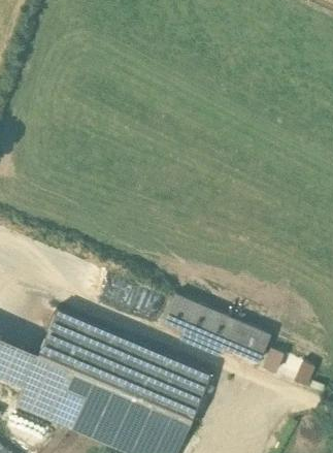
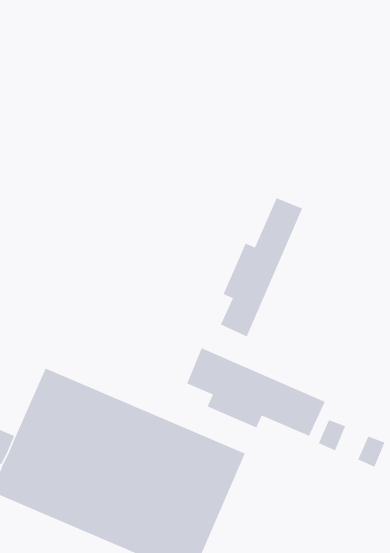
building: none -> [220,197,303,338]

